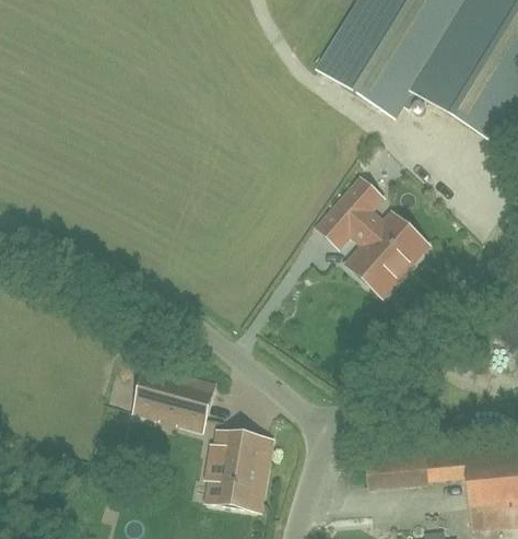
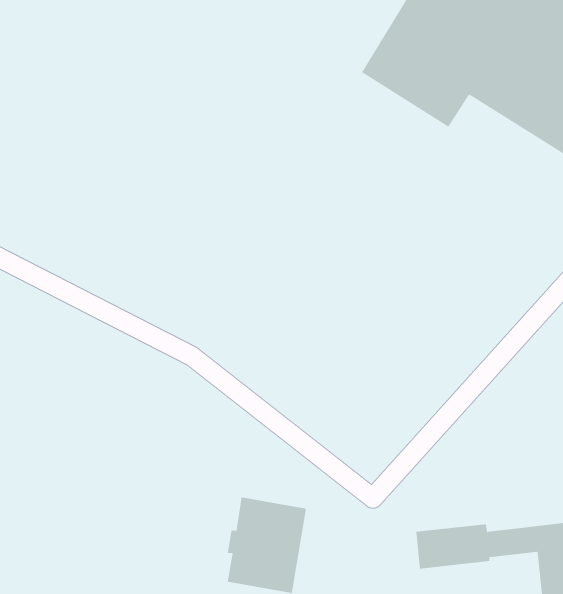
building: [313,174,426,294] -> none
building: [131,365,215,431] -> none

